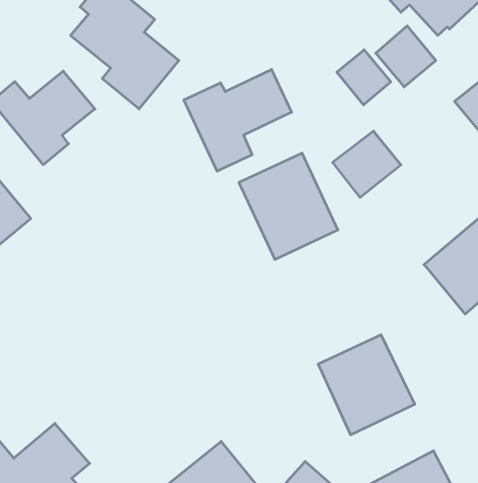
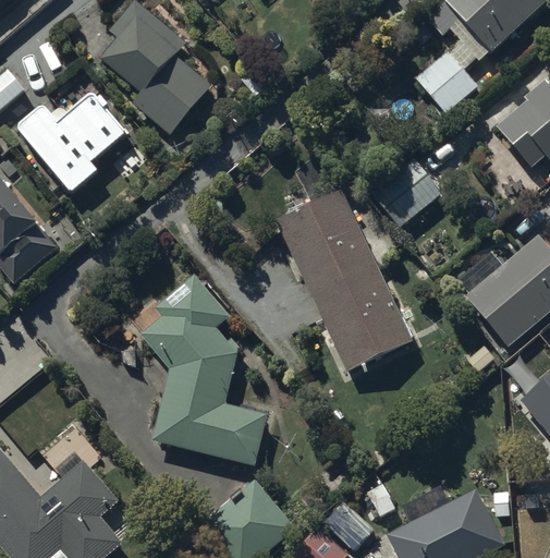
building: [337,50,391,105] -> none
building: [184,69,292,171] -> none
building: none -> [139,274,267,465]
building: [318,335,415,435] -> [310,260,411,364]

